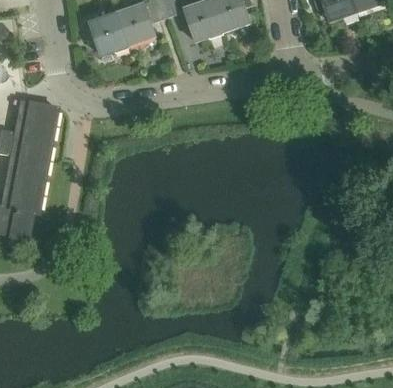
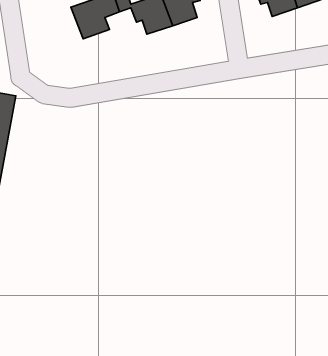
building: [83,11,129,55] -> none

